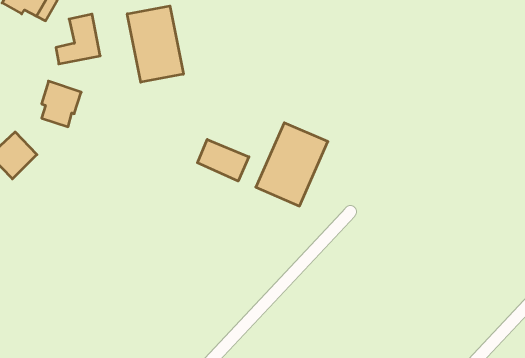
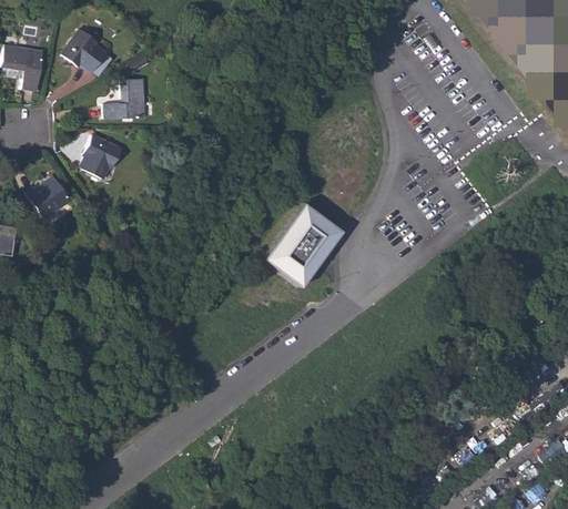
building: [127,6,183,82] -> none
building: [197,139,249,181] -> none

